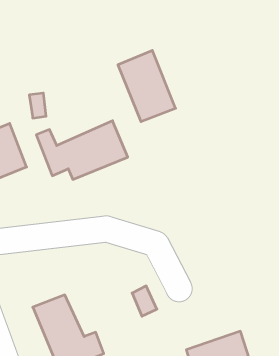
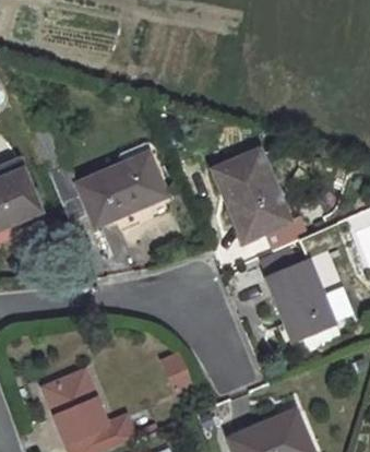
building: [118,50,176,122] -> [217,152,288,239]
building: none -> [274,261,342,342]

